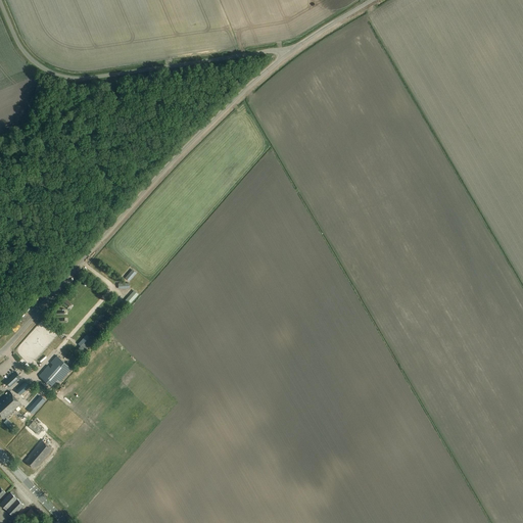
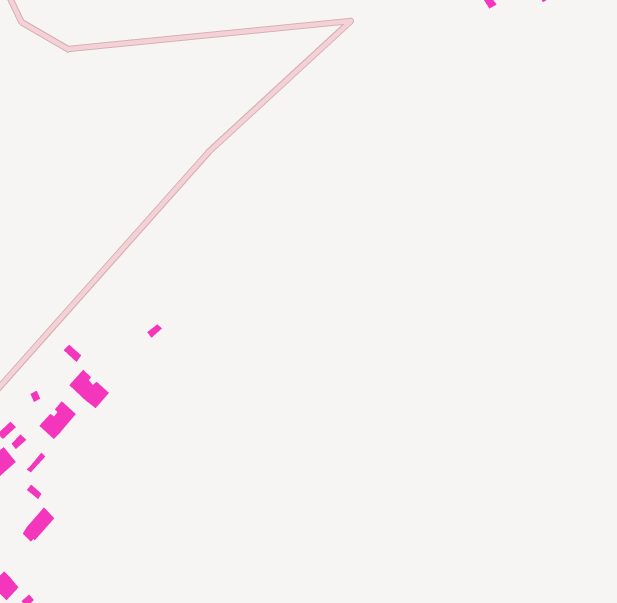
building: none -> [69,369,110,409]

